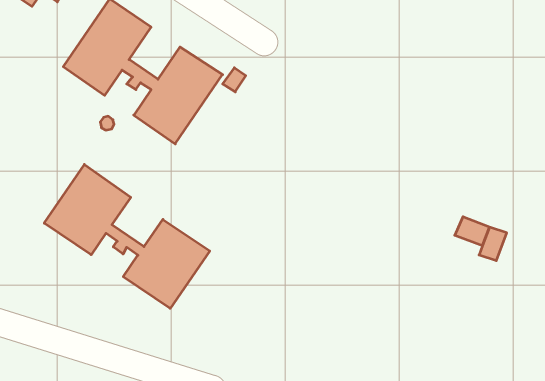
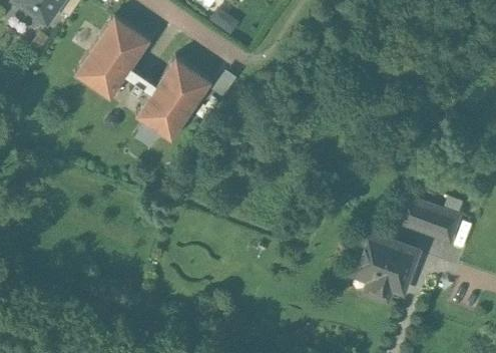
building: [44,164,210,308] -> none
building: none -> [354,235,419,303]

